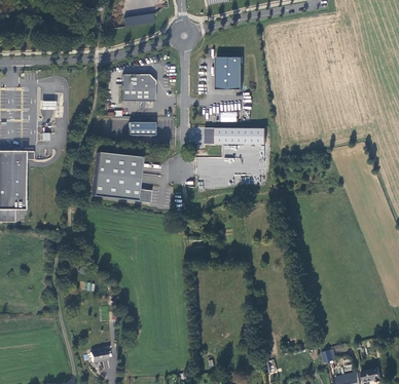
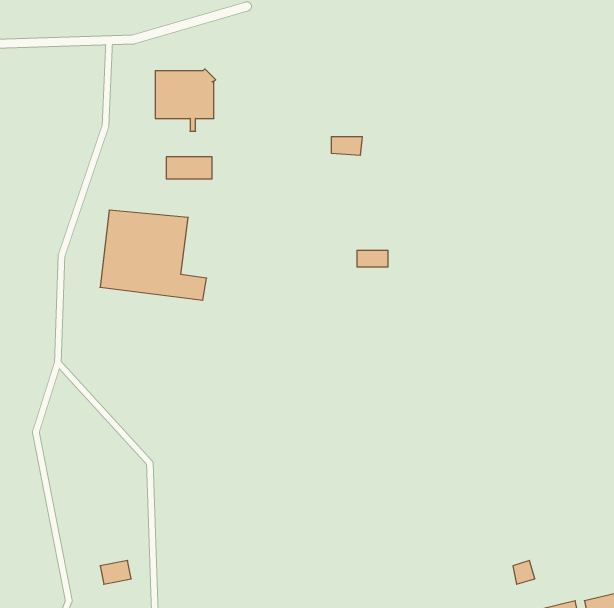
building: [215,56,241,89] -> none
building: [203,126,263,144] -> none

